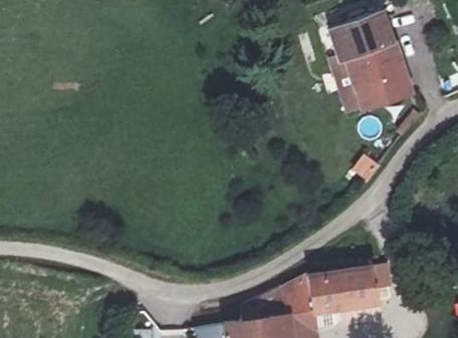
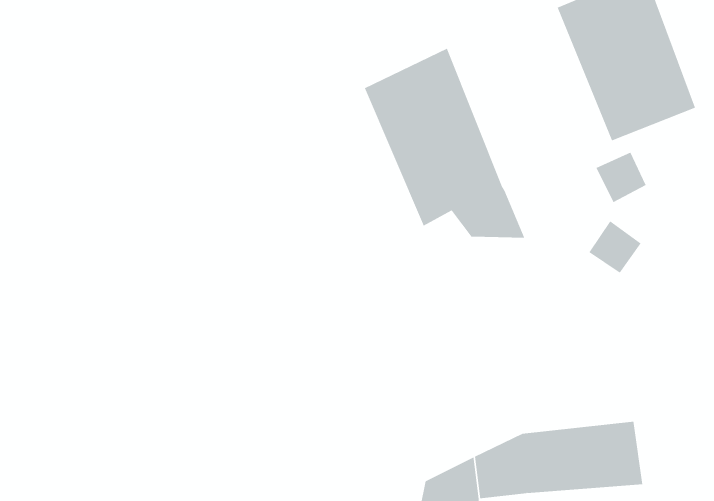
building: none -> [364,48,525,239]

